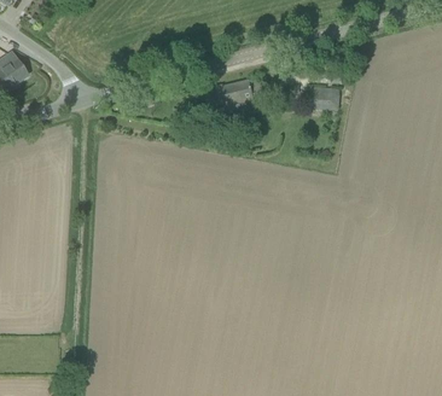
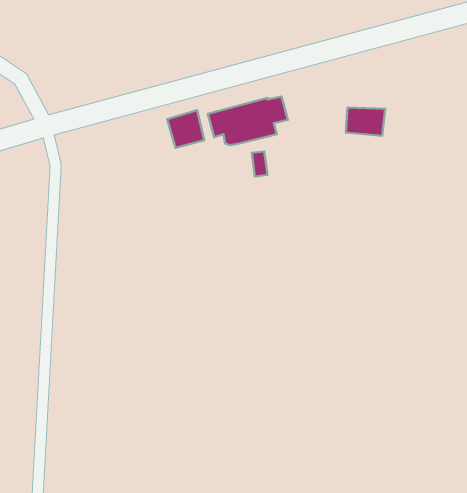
building: none -> [167,110,204,148]

